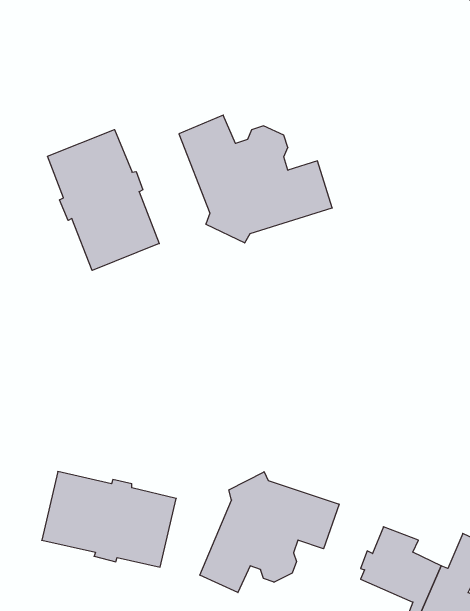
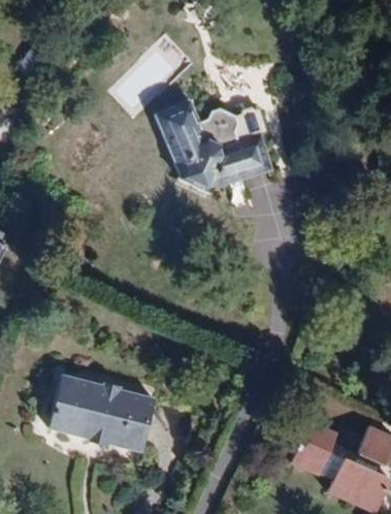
building: [48,130,159,270] -> none
building: [200,472,339,593] -> none

